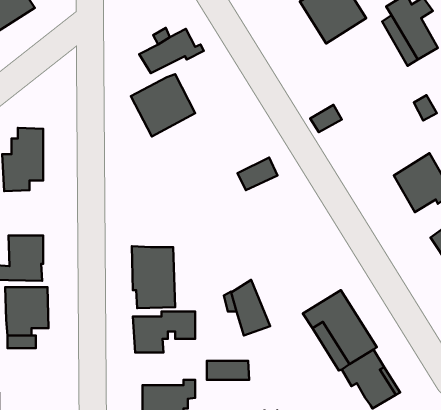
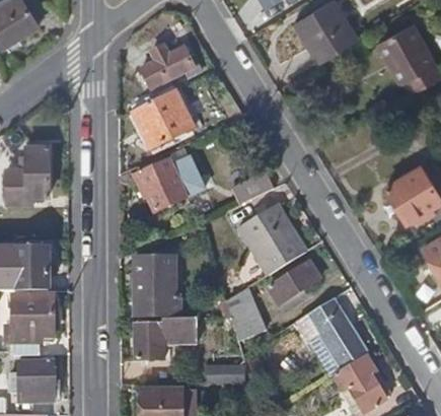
building: none -> [133,157,201,212]
building: none -> [239,205,305,276]
building: none -> [270,261,320,303]
building: none -> [18,362,56,402]

